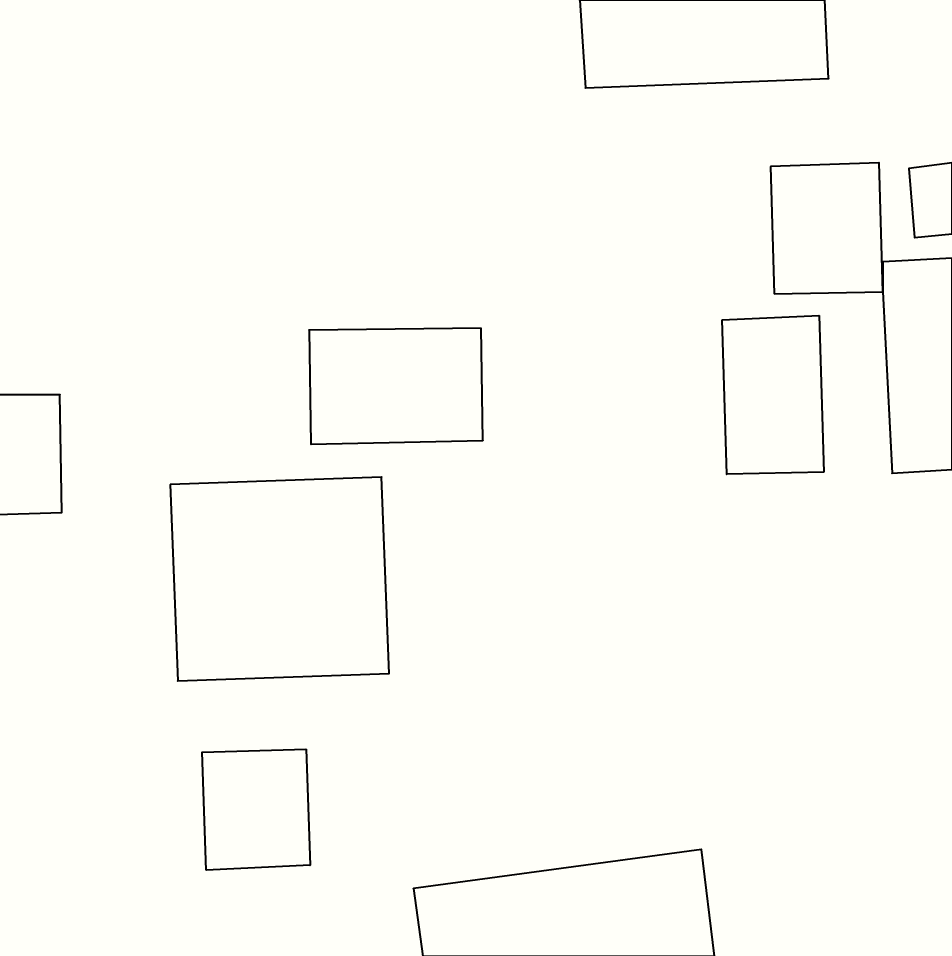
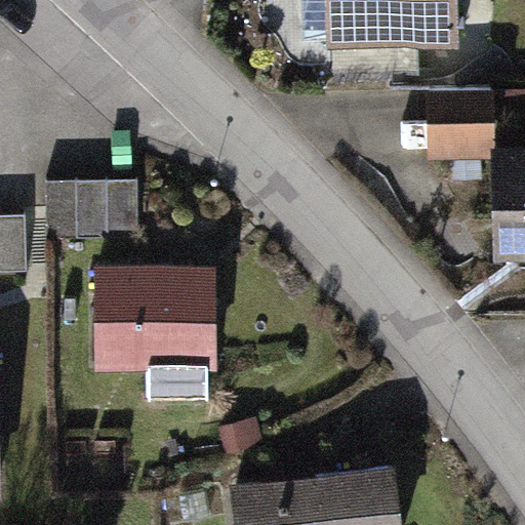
building: [722,316,824,474] -> none
building: [309,328,483,444] -> [48,178,144,242]
building: [202,749,310,870] -> none

